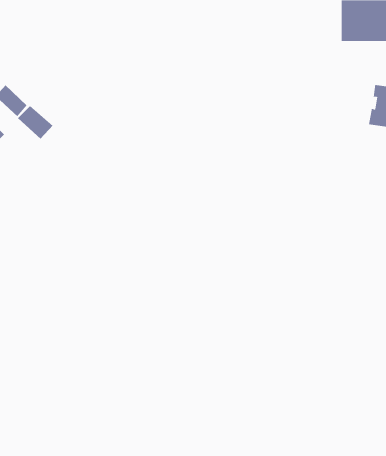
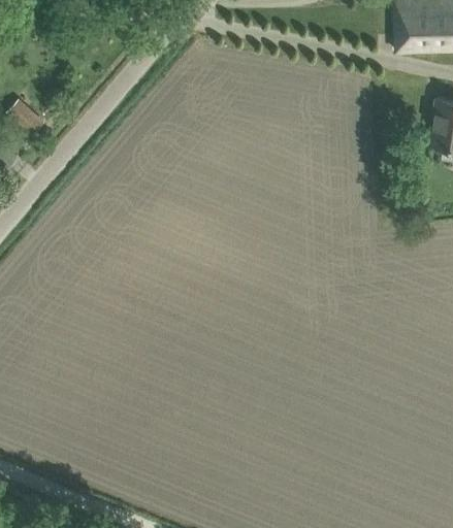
building: [17,105,53,139] -> none

